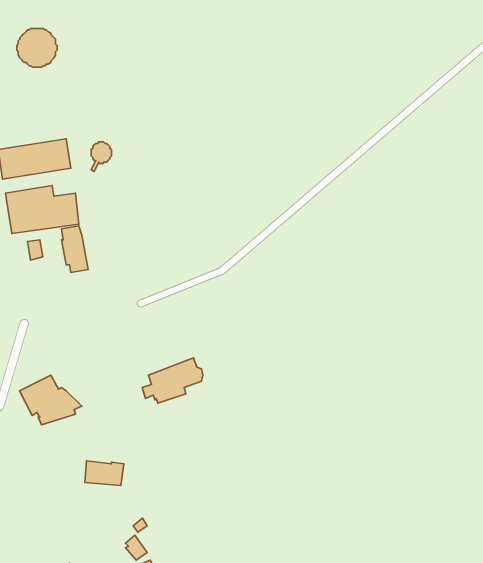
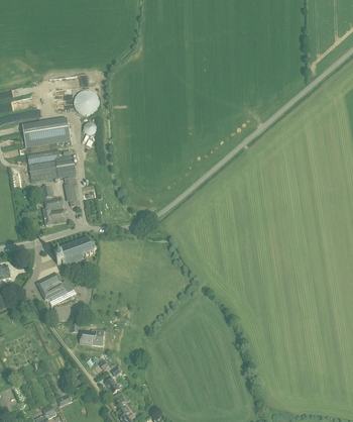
building: [17,28,57,67] -> [73,90,99,115]
building: none -> [42,197,65,225]
building: [142,358,203,403] -> [54,236,94,266]

